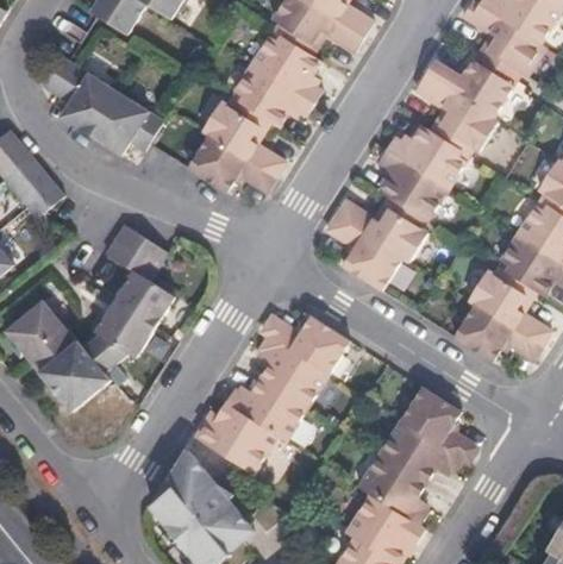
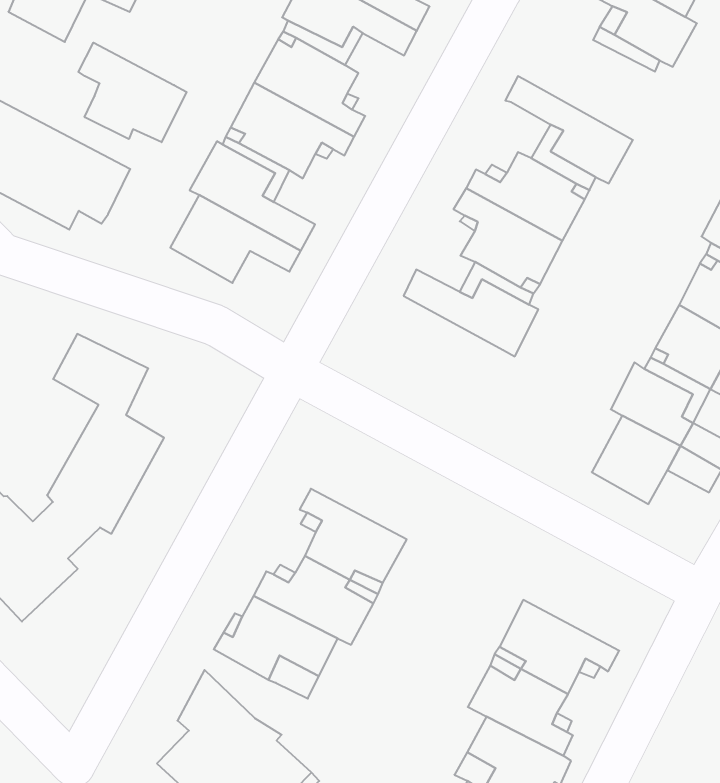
building: none -> [78,43,187,142]
building: [423,58,509,118] -> none
building: [329,214,400,290] -> none
building: [261,315,349,375] -> none
building: [401,386,476,462] -> none

